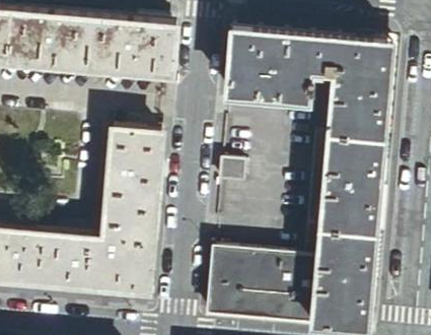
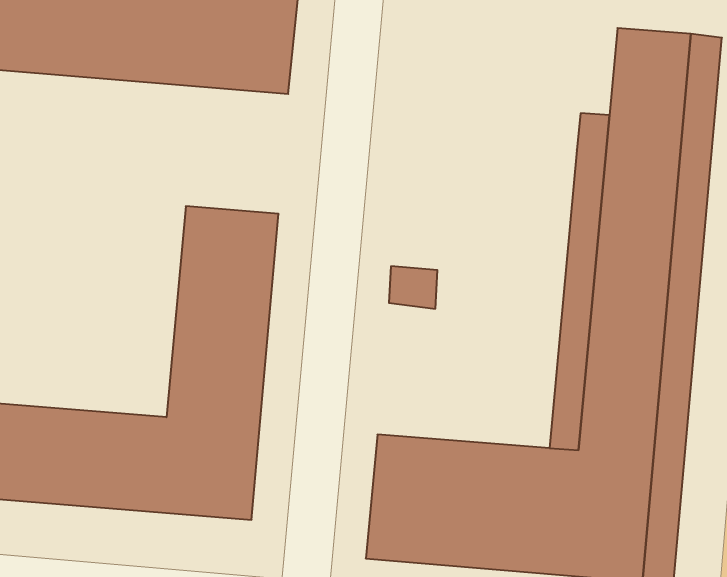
building: [227,29,340,103] -> none

